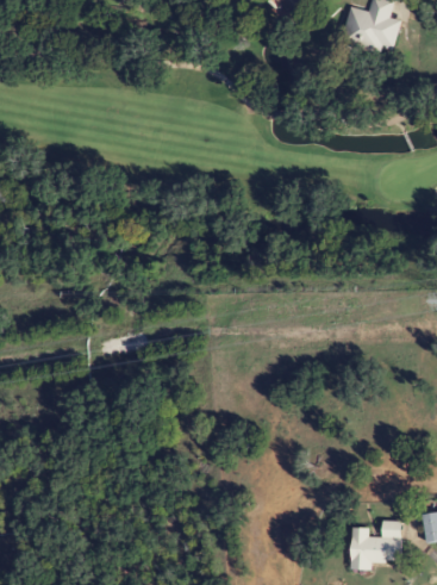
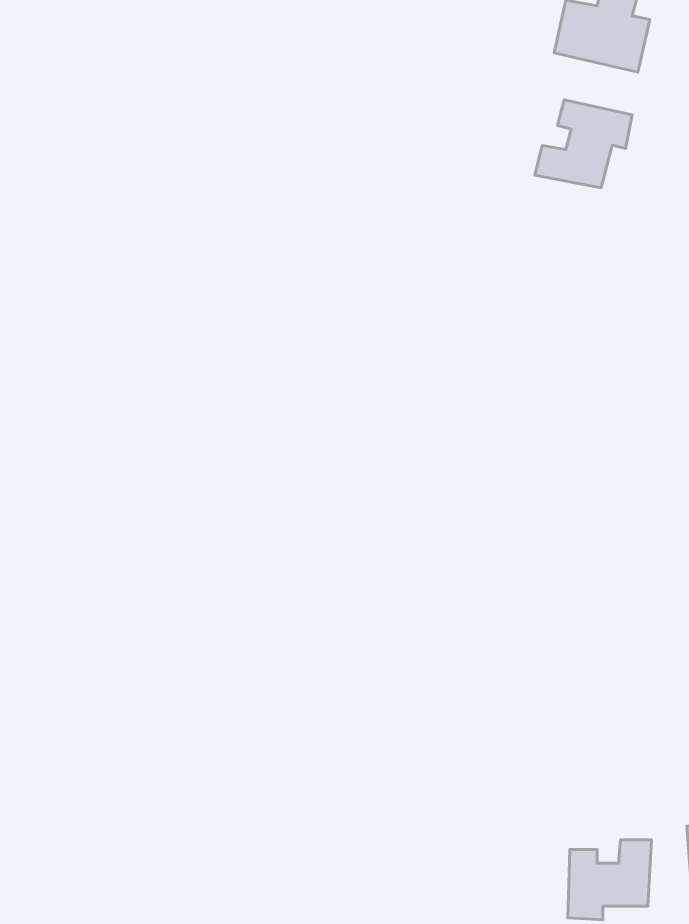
building: none -> [535,100,632,188]

